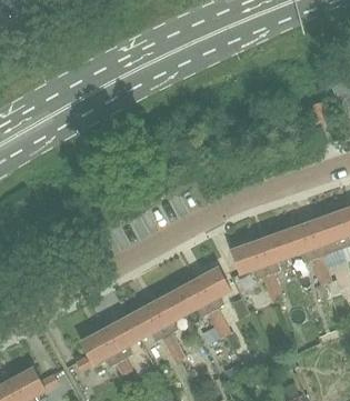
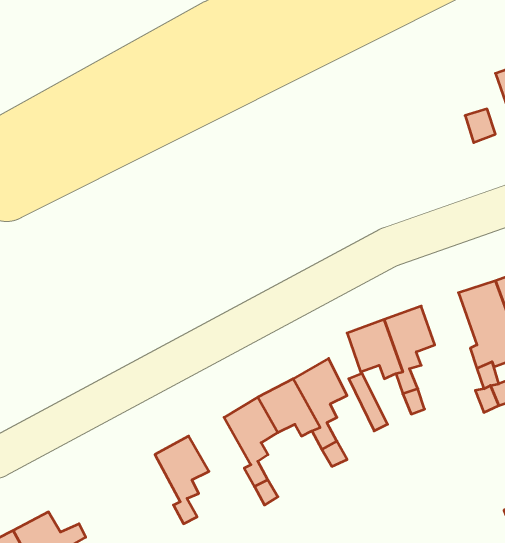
building: [279,222,316,261] -> none
building: [126,304,167,341] -> none
building: [76,329,120,372] -> none

